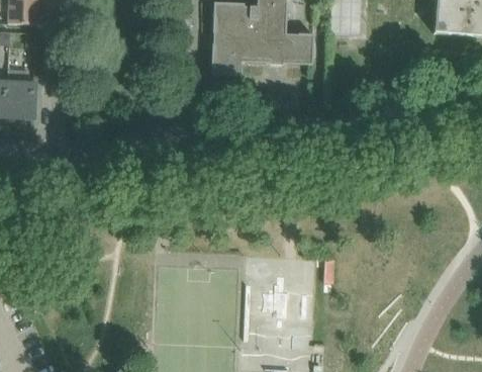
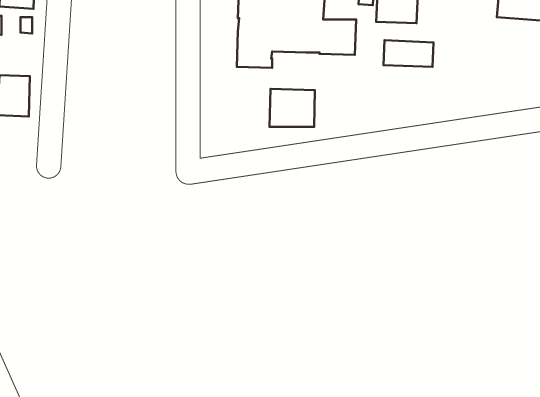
building: none -> [383,40,434,67]
building: none -> [269,89,315,127]

